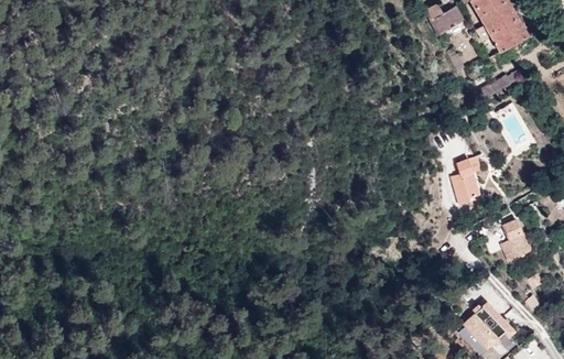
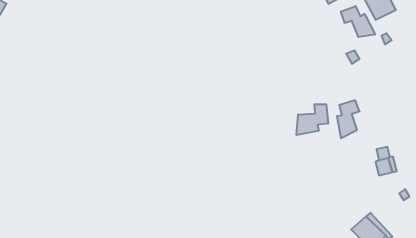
building: none -> [341,6,375,37]
building: none -> [297,104,328,135]

